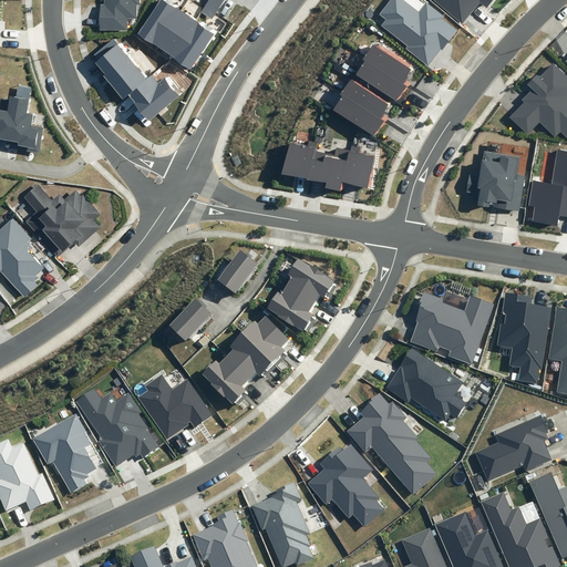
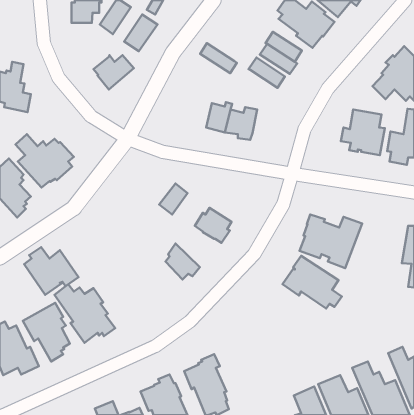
building: [154,10,194,56] -> none
building: [92,37,148,100] -> none
building: [332,95,382,136] -> [200,43,237,73]
building: [344,146,372,185] -> none
building: [286,259,333,302] -> none
building: [496,293,551,383] -> none
building: [168,299,212,342] -> none
building: [239,316,289,364] -> none
building: [200,357,249,405] -> none
building: [137,374,212,440] -> [24,247,79,295]
building: [346,393,436,494] -> none
building: [474,415,551,481] -> none
building: [307,444,383,527] -> none

